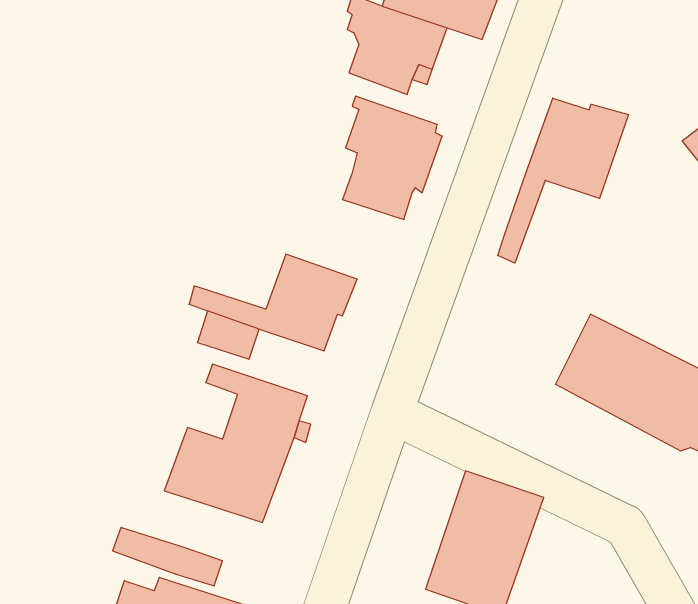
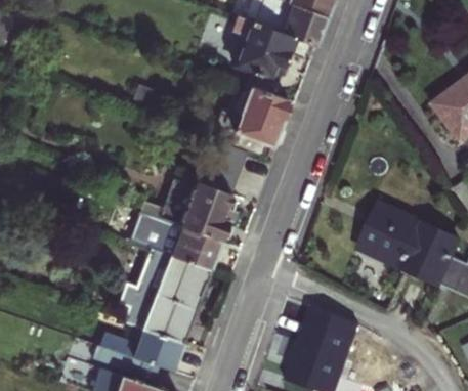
building: [498,98,629,263] -> none
building: none -> [138,220,220,261]
building: none -> [134,327,182,367]

